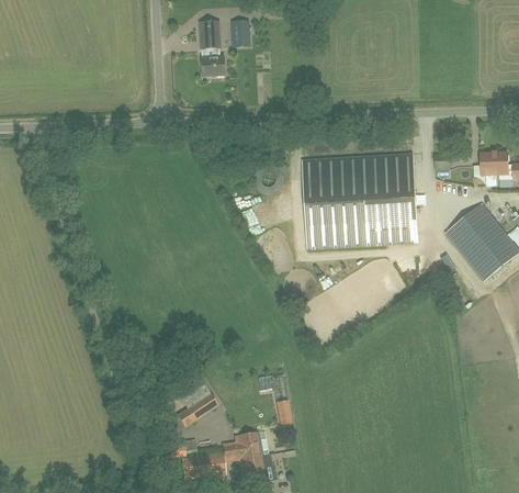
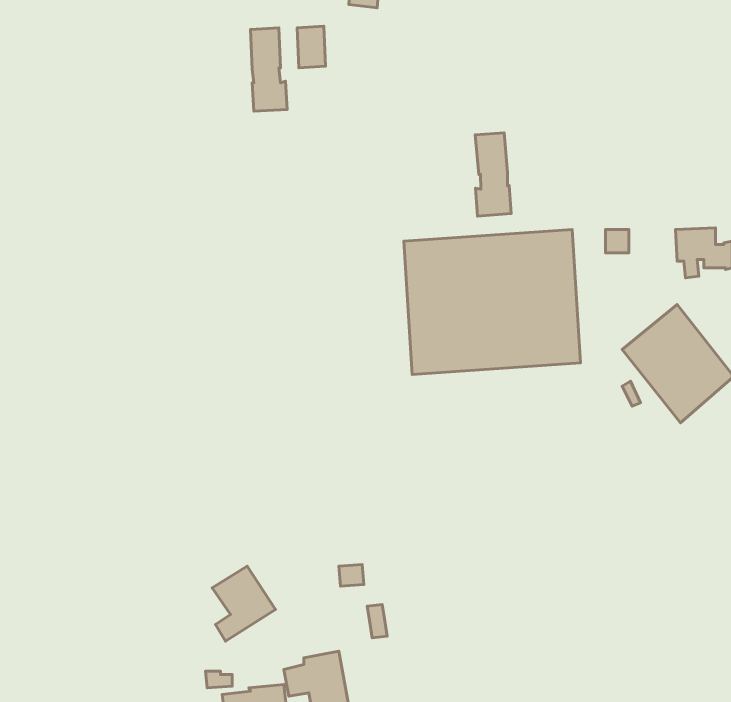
building: none -> [475,133,511,216]

